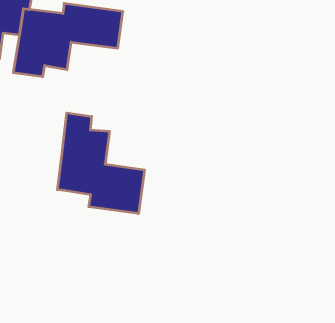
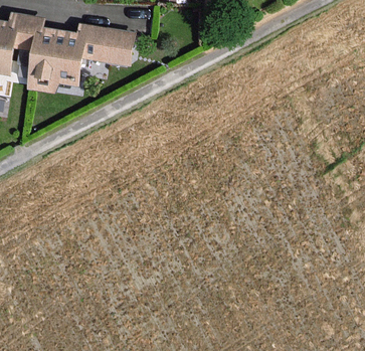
building: [57,113,144,214] -> none

